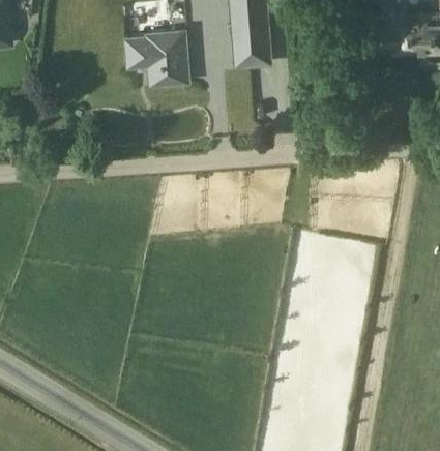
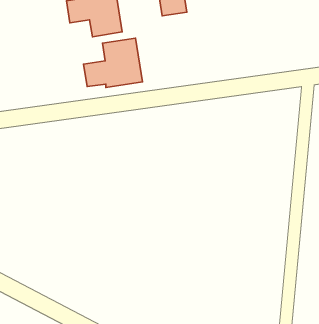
building: none -> [84,38,142,88]

